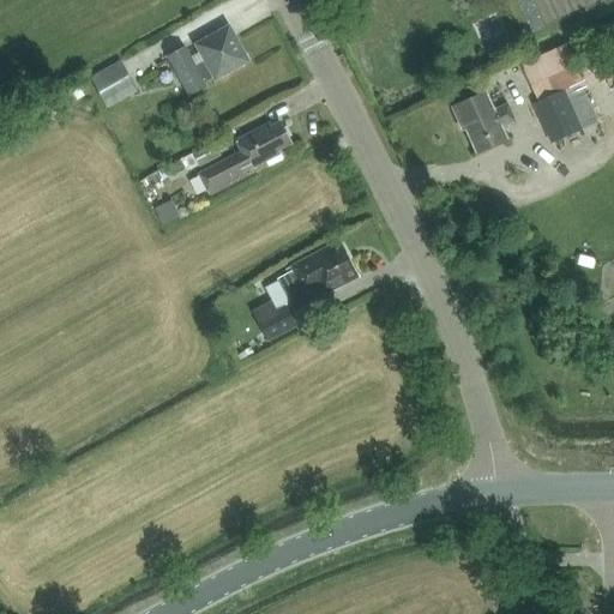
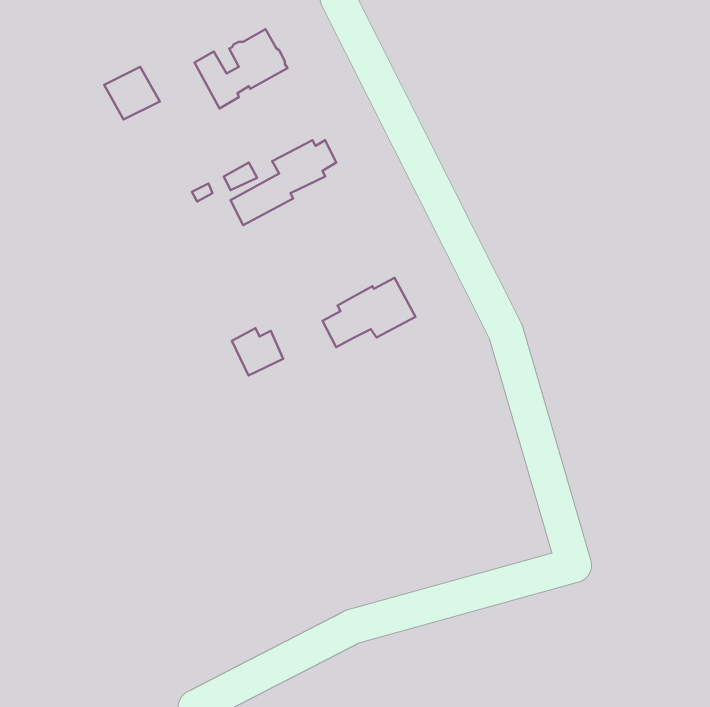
building: [532,83,598,142] -> none
building: [452,92,514,152] -> none
building: [252,299,296,339] -> [232,328,283,375]

